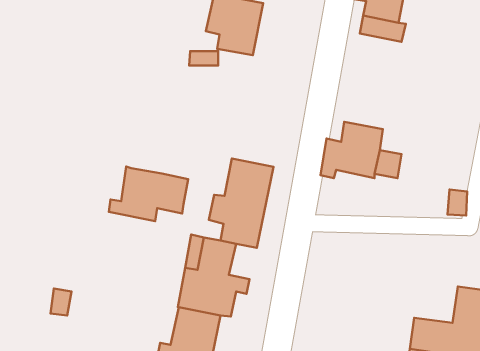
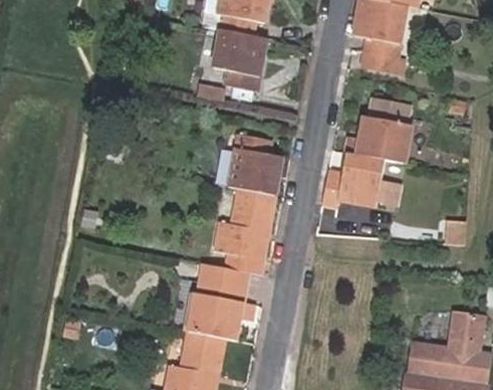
building: none -> [355,104,413,164]
building: none -> [227,134,284,196]
building: [109,166,188,221] -> none

